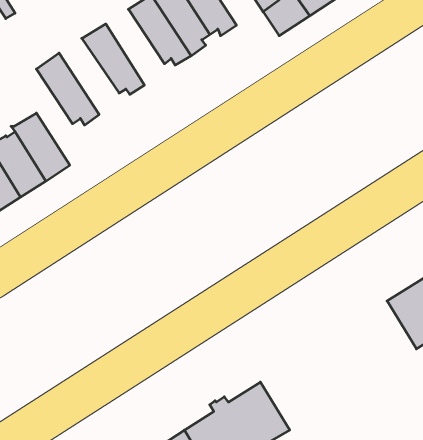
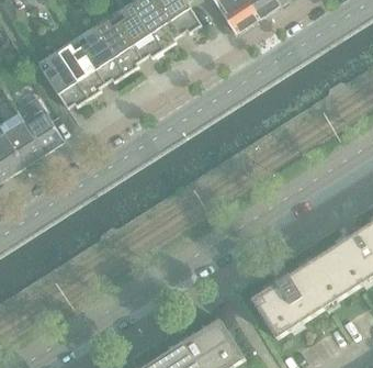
building: none -> [93,11,142,74]
building: none -> [55,35,104,98]
building: none -> [251,252,349,337]

